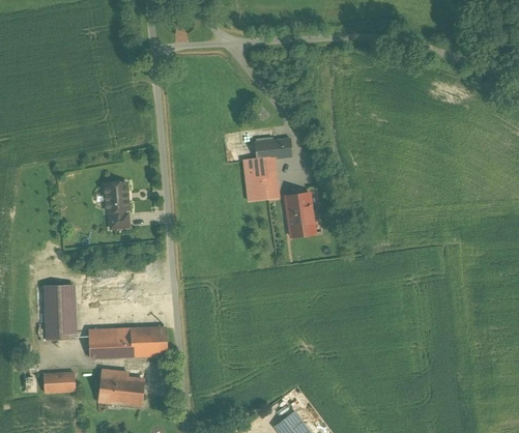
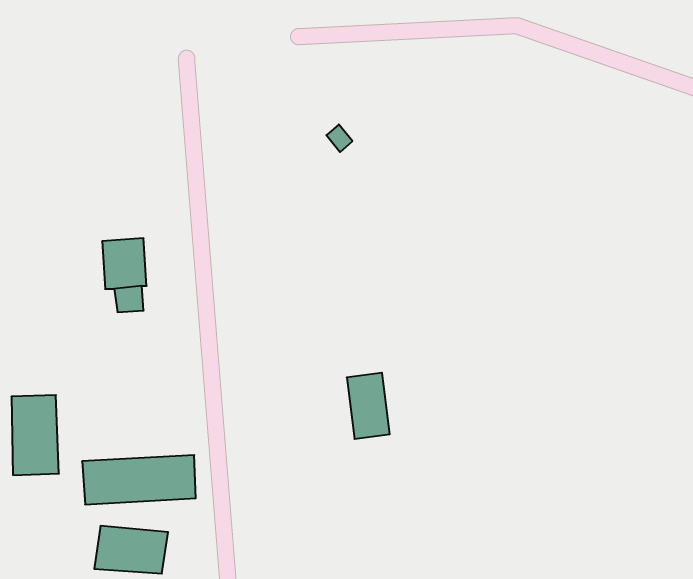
building: [243,140,295,202] -> none
building: [286,193,315,237] -> [347,373,390,439]
building: [45,373,75,393] -> none

